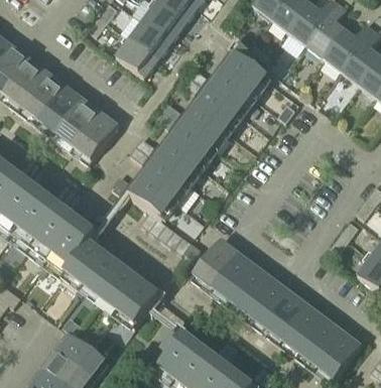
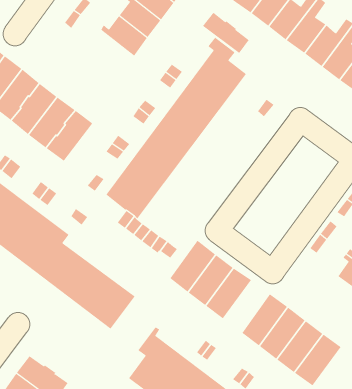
building: none -> [202,12,249,54]
building: [116,31,158,76] -> none
building: [245,276,290,328] -> none
building: [55,332,107,377] -> none

